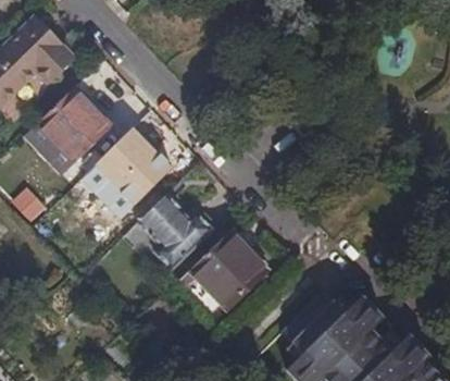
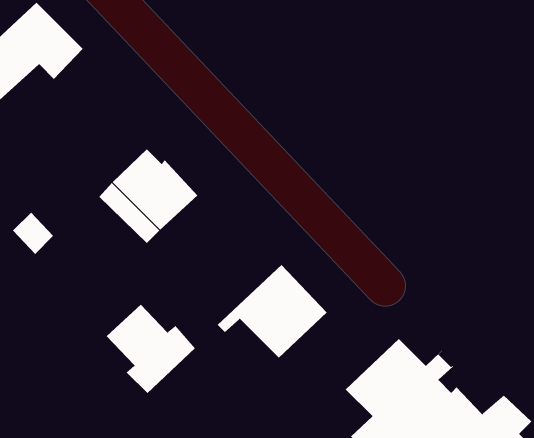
building: [24,87,113,175] -> none
building: [139,195,212,268] -> [106,304,196,394]

